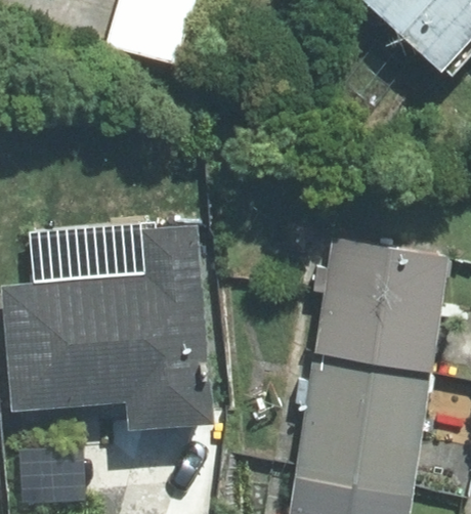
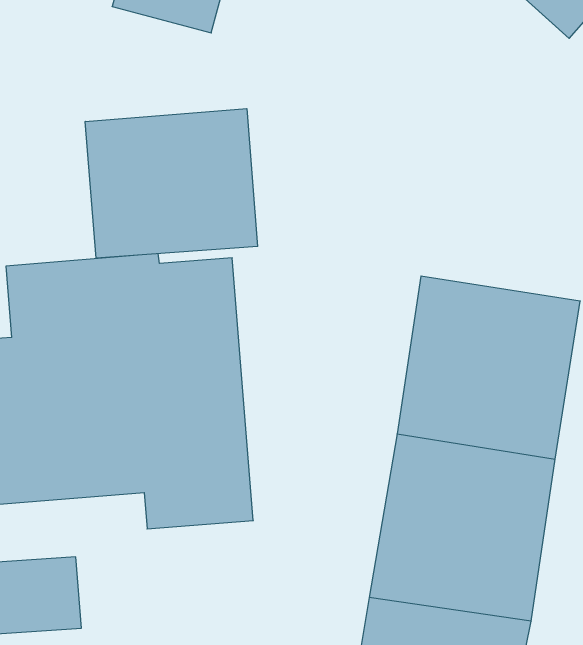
building: none -> [85,109,258,258]

